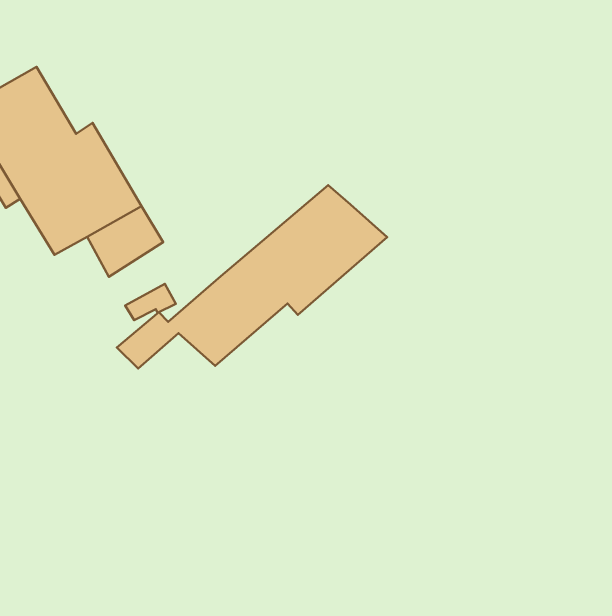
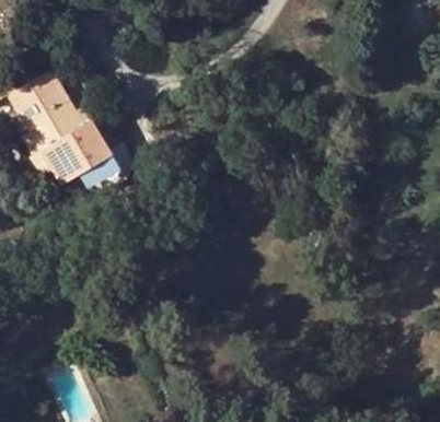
building: [117,185,387,369] -> none

